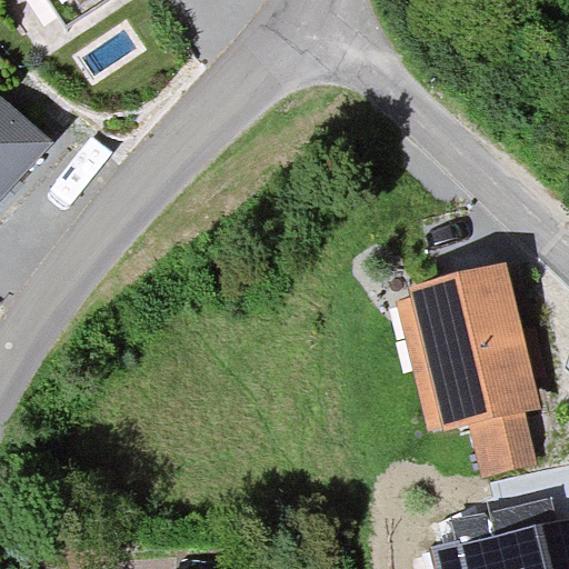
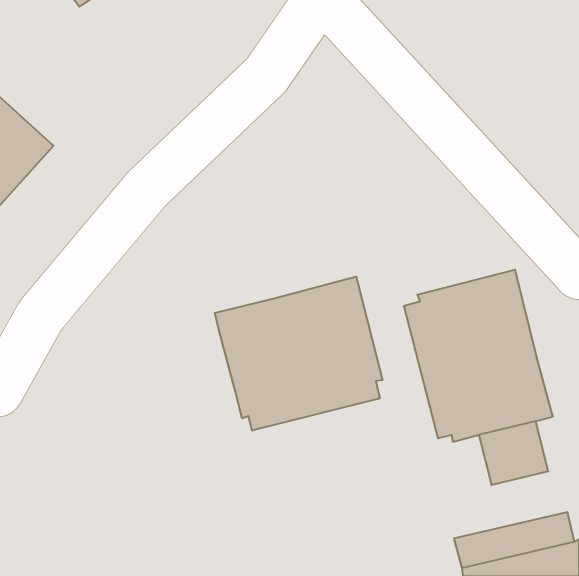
building: none -> [215,277,383,431]

